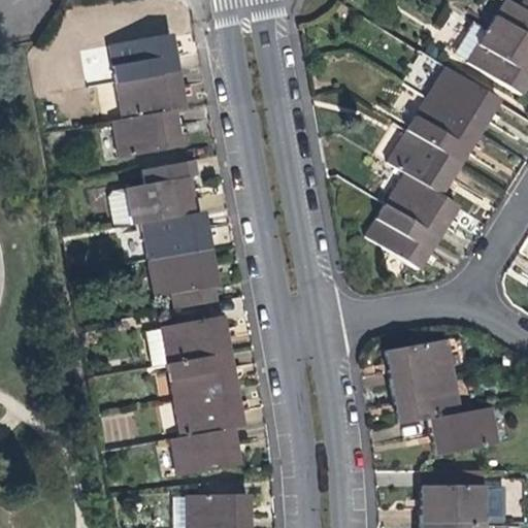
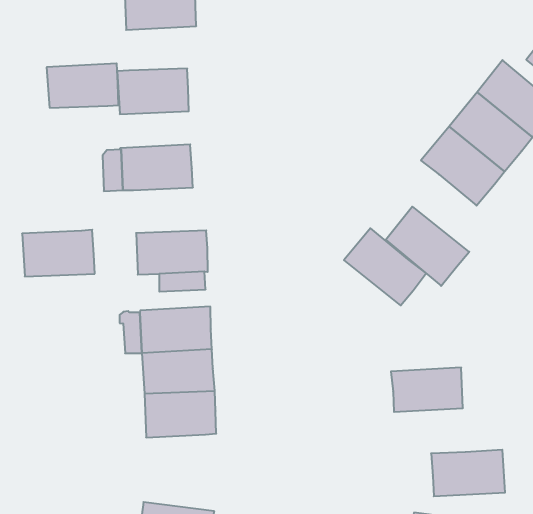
building: [117,71,184,118] -> [47,63,118,108]
building: [387,173,460,237] -> [344,228,426,305]
building: [141,210,209,259] -> [22,230,95,276]
building: [394,374,461,424] -> none
building: [170,427,238,475] -> none

